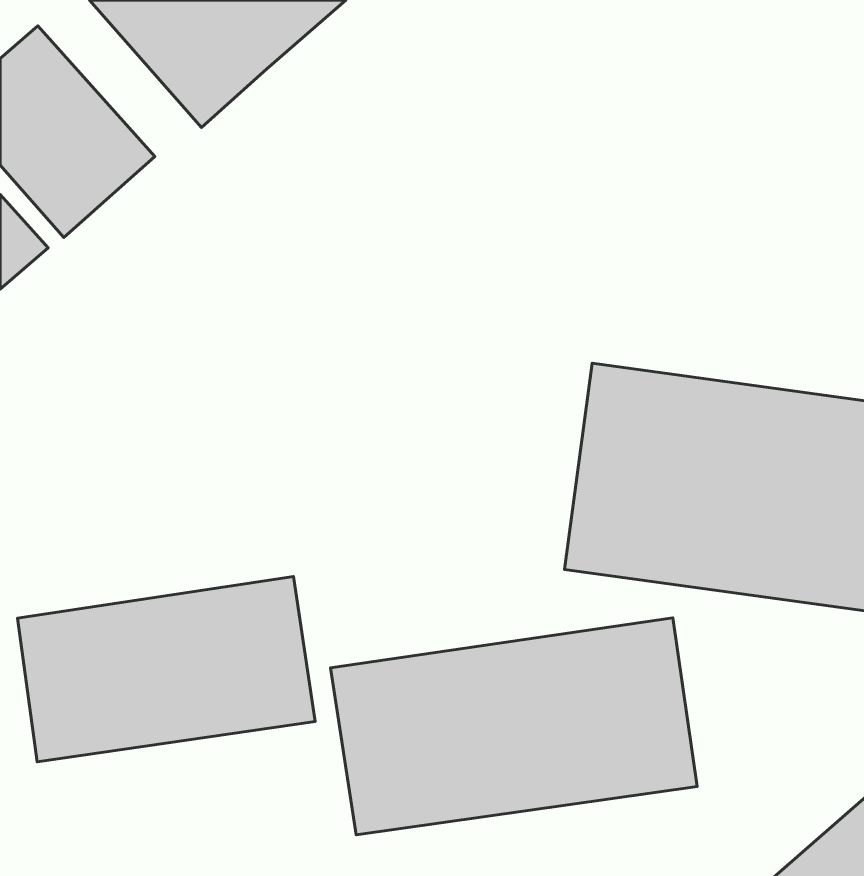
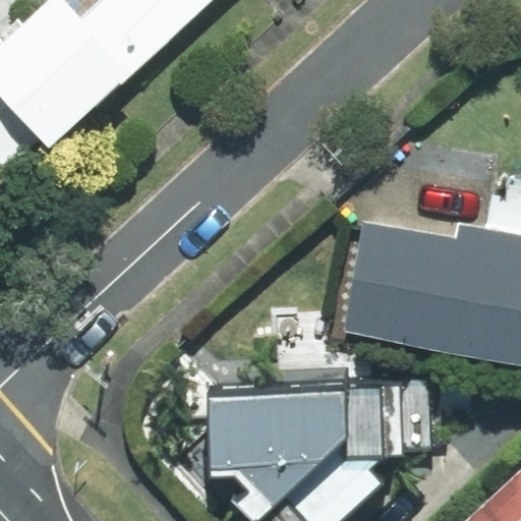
building: [17,577,315,762] -> none

